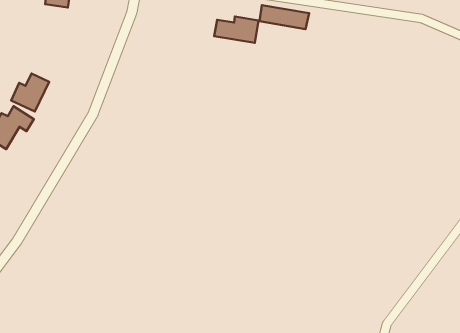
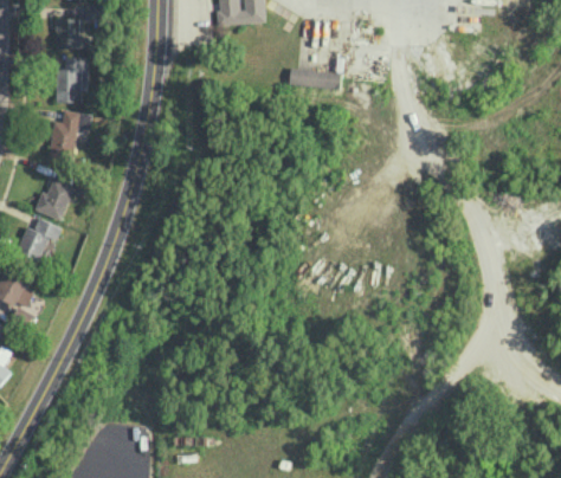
building: none -> [47,110,91,161]
building: [214,16,258,43] -> none

